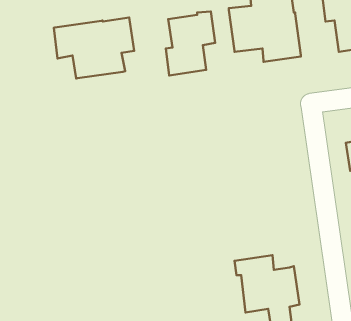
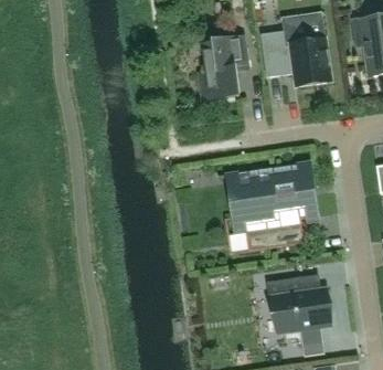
building: [54,18,134,78] -> none
building: none -> [219,162,316,253]

